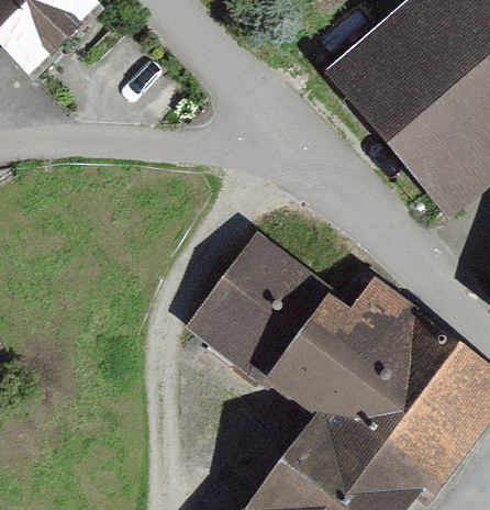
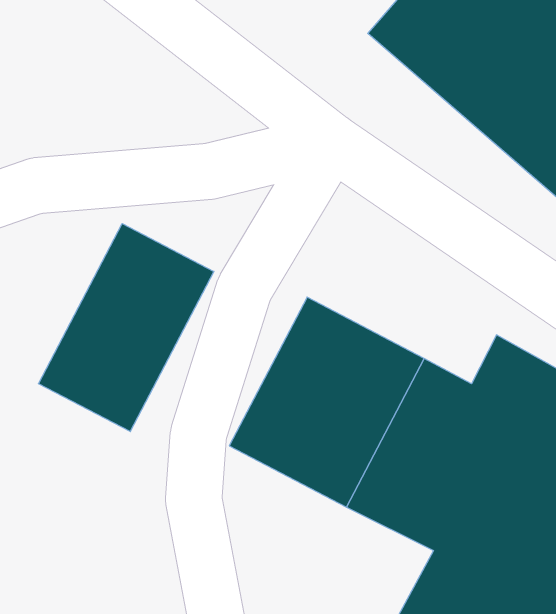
building: none -> [38,224,214,432]

